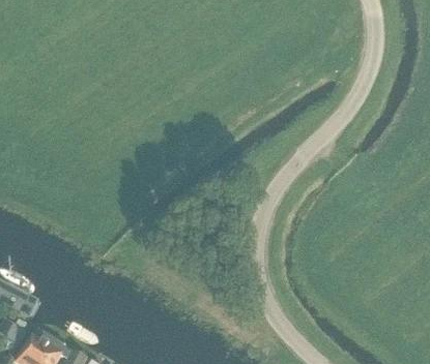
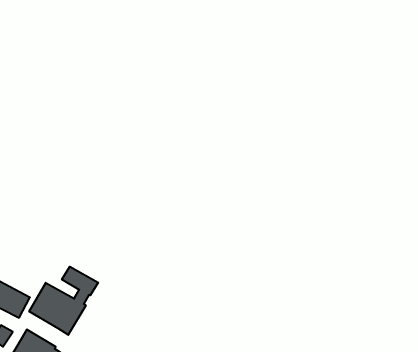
building: none -> [29,267,98,335]

